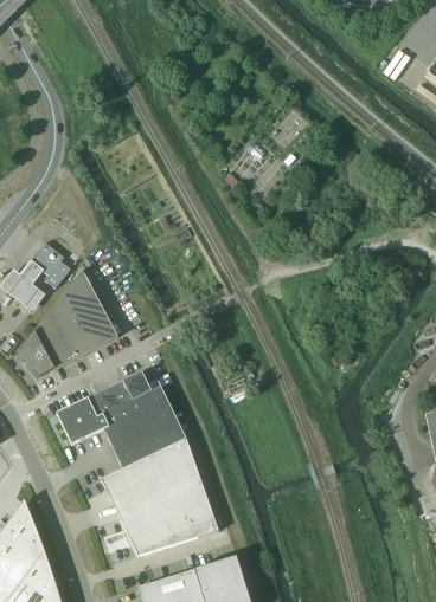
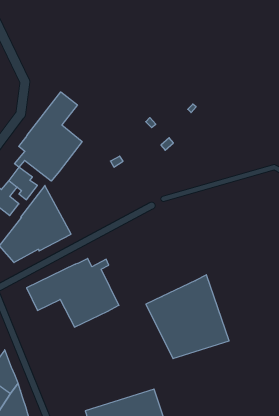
building: none -> [15,92,82,181]
building: [101,438,218,556] -> [146,275,229,359]

